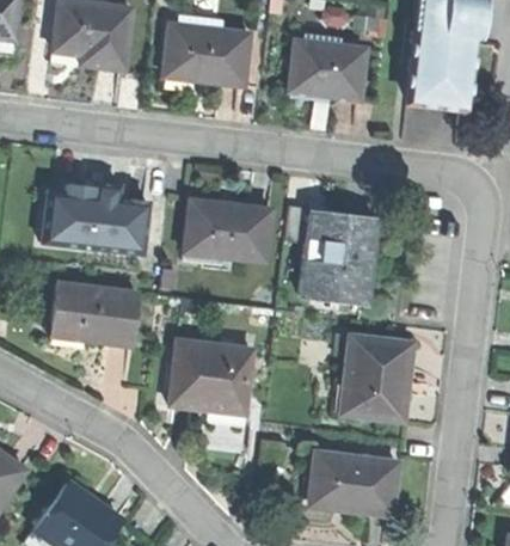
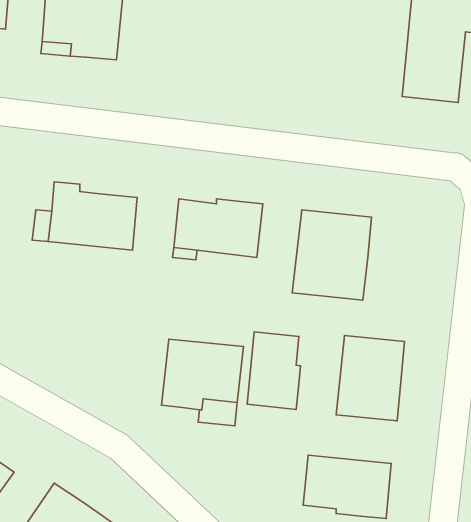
building: [166,22,250,85] -> none
building: [291,41,364,99] -> none
building: [53,283,139,345] -> none
building: none -> [247,332,301,409]

